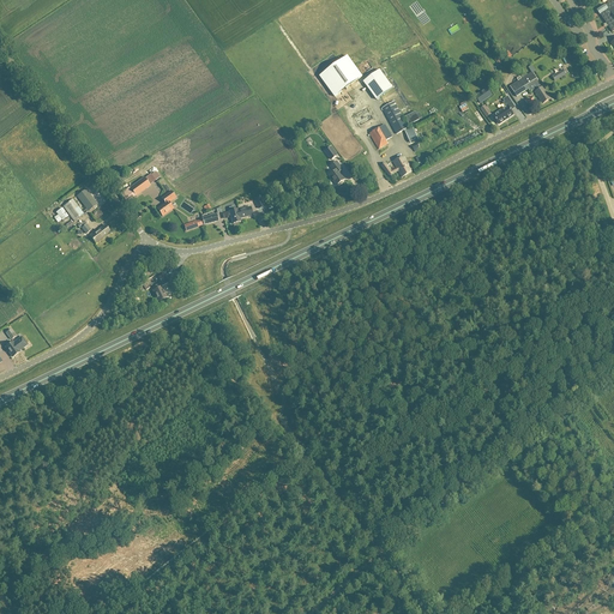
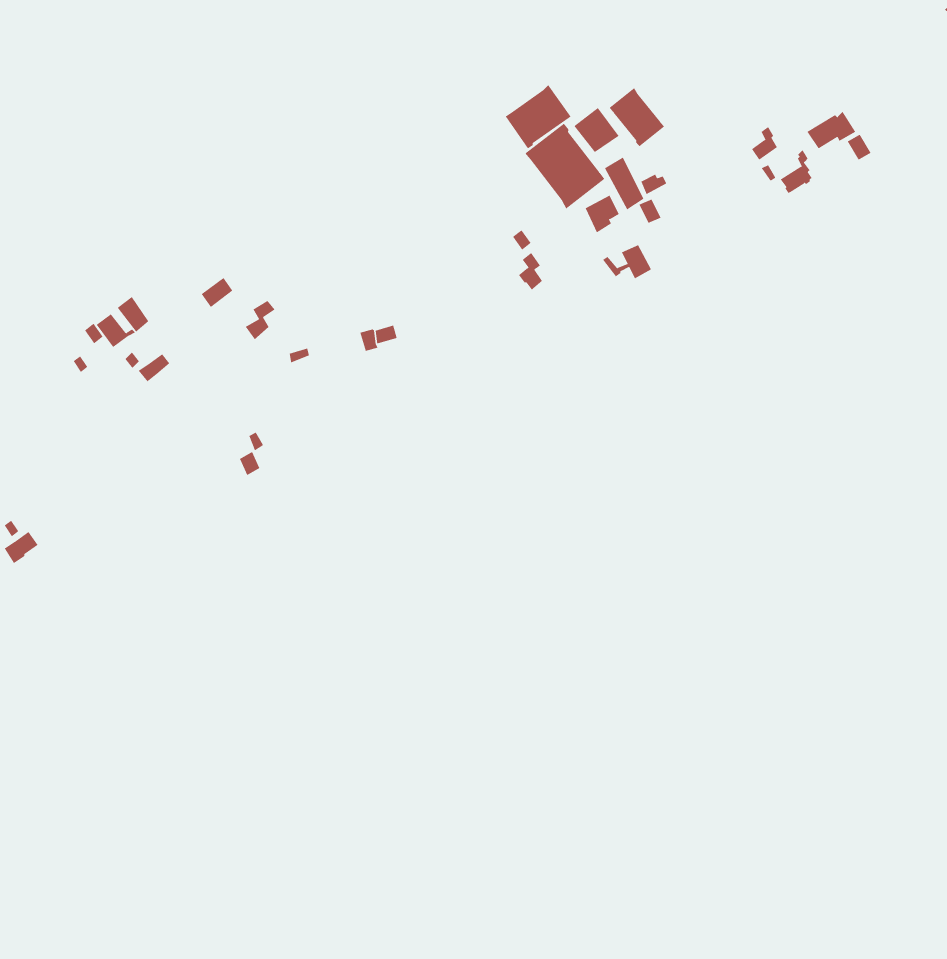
building: none -> [609,87,665,147]
building: none -> [524,123,605,209]

